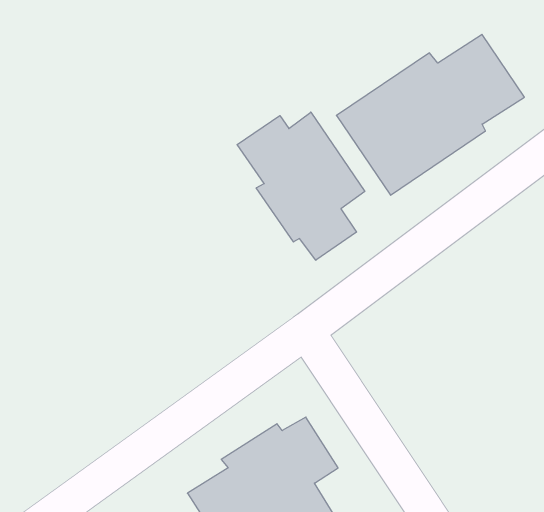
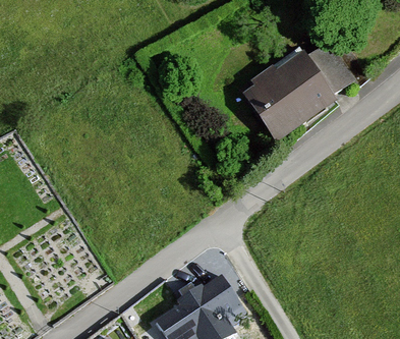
building: [237,112,365,260] -> none

